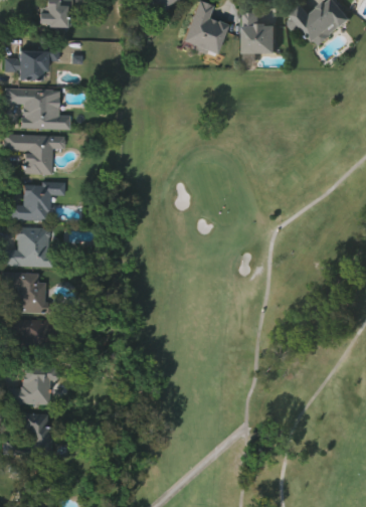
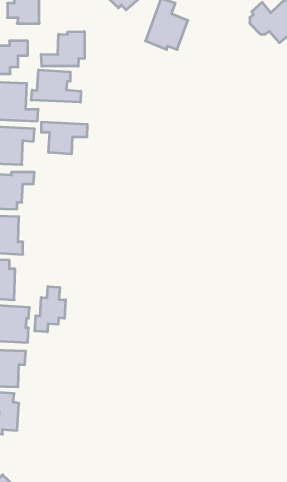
building: [245,11,277,51] -> none
building: none -> [41,31,84,66]
building: none -> [31,70,81,102]
building: none -> [41,122,87,154]
building: none -> [35,286,66,332]

